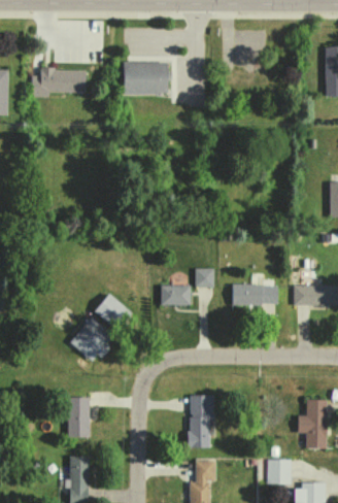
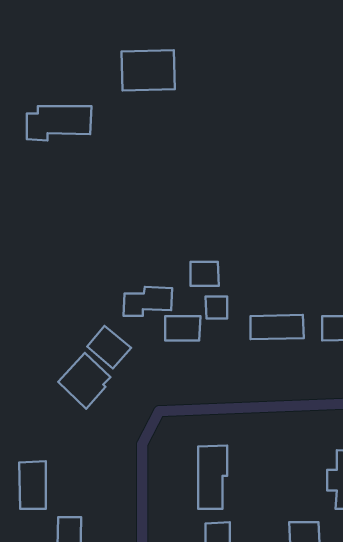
building: [32,69,87,98] -> [27,106,91,140]
building: none -> [191,262,219,286]
building: none -> [124,287,172,316]
building: [67,397,90,437] -> [19,461,46,509]

